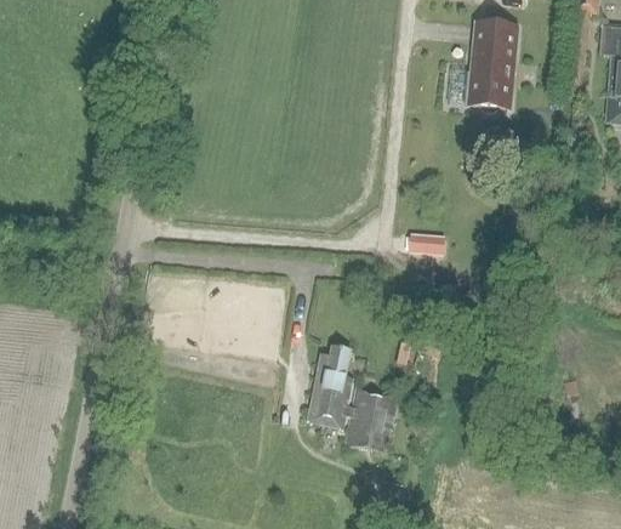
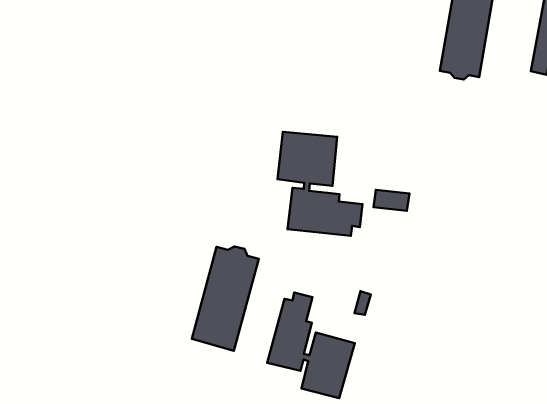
building: none -> [277,132,363,236]
building: none -> [192,246,259,351]

